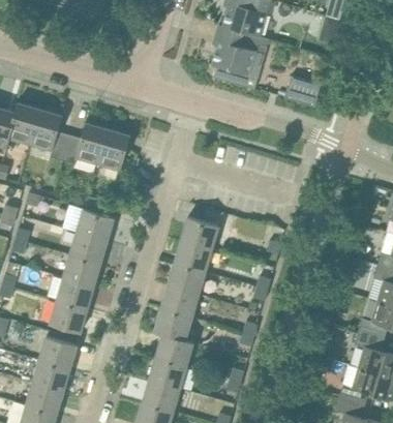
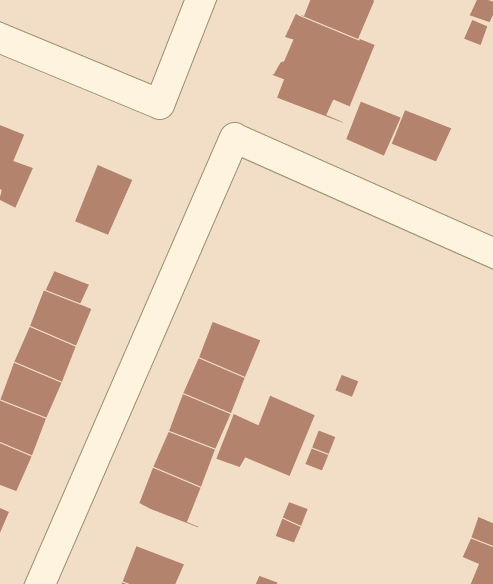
building: none -> [345,101,401,157]
building: [61,123,108,165] -> none
building: none -> [216,395,316,477]
building: [155,335,192,366] -> none

